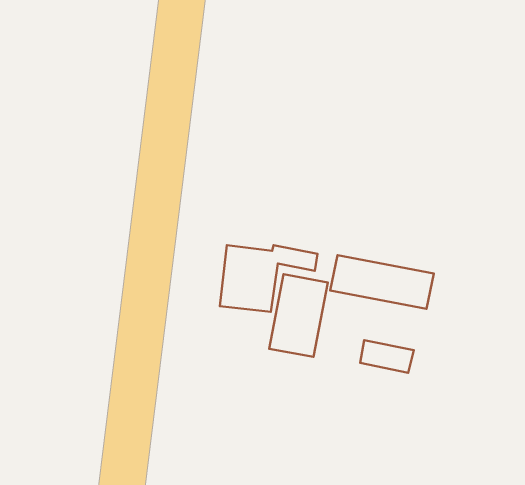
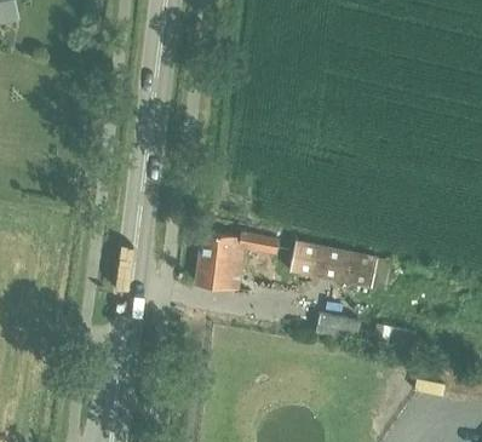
building: [269,274,328,357] -> none

